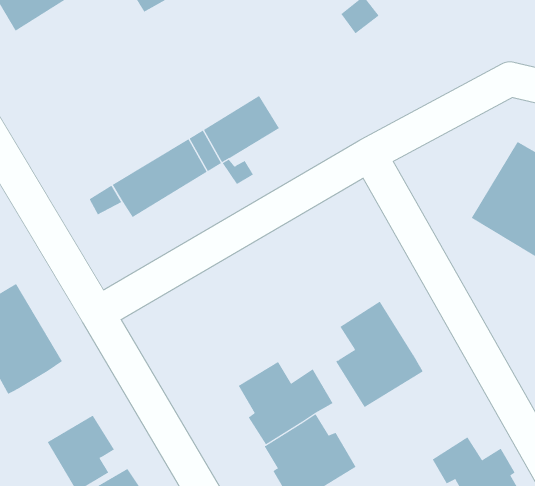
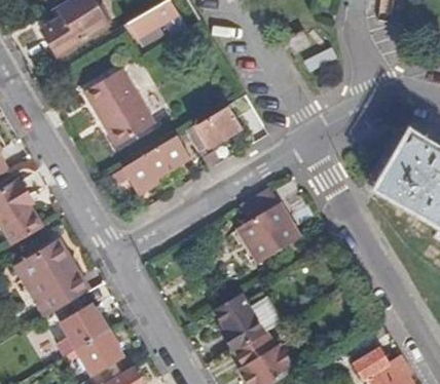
building: none -> [85,67,156,146]
building: [335,301,424,408] -> [236,187,299,263]
building: none -> [56,299,110,356]

